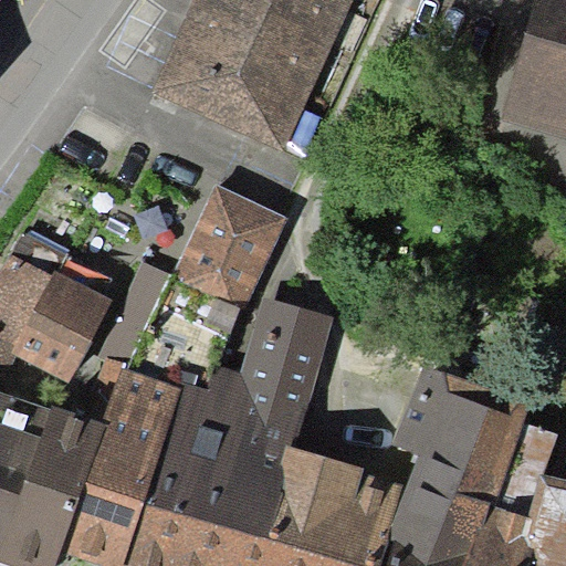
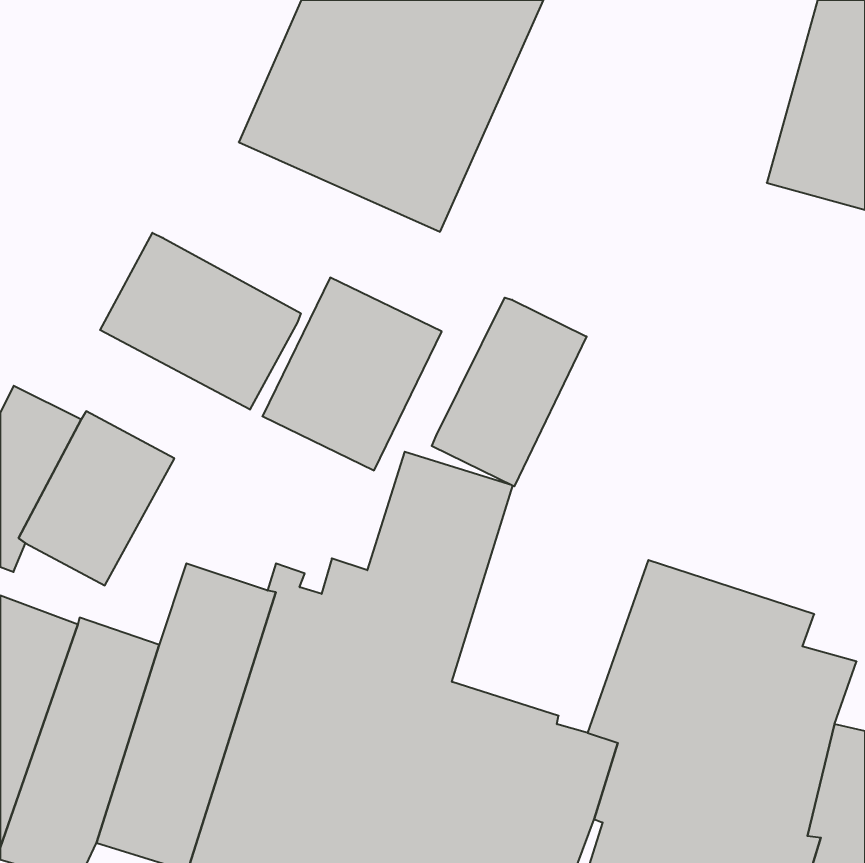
building: none -> [100,233,301,410]
building: none -> [432,298,587,486]

